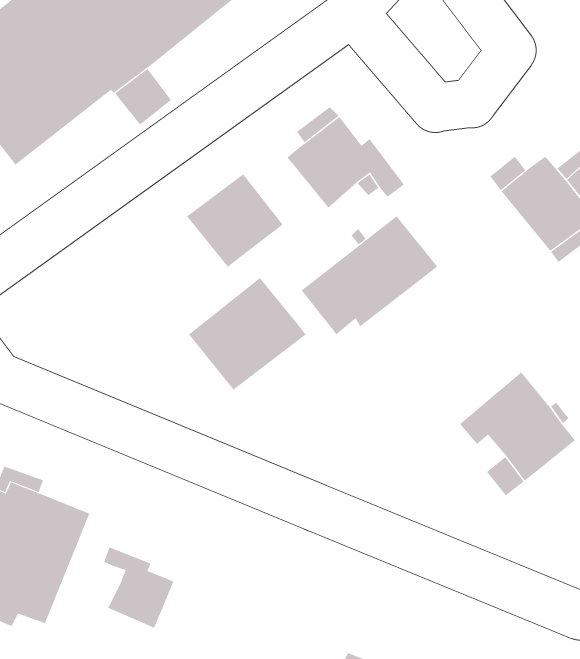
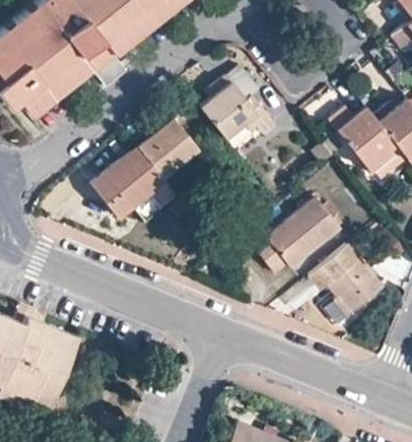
building: [301,215,438,335] -> [257,199,344,275]
building: [188,277,306,390] -> [93,146,168,218]
building: [103,547,174,629] -> none

